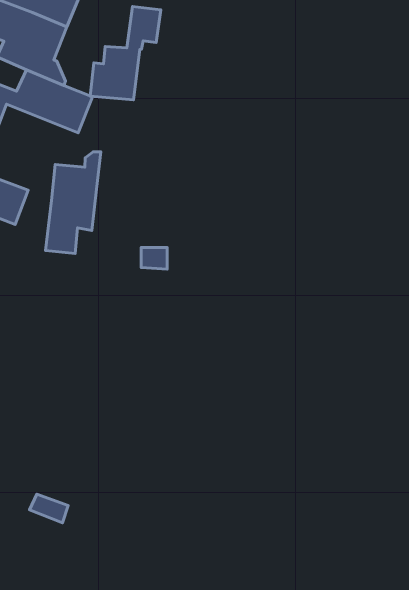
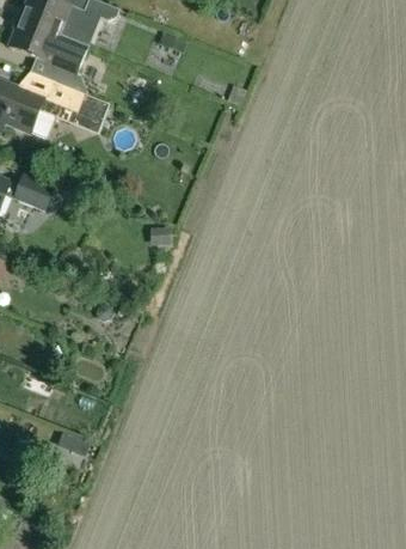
building: [90,6,161,100] -> none
building: [45,152,101,253] -> none

